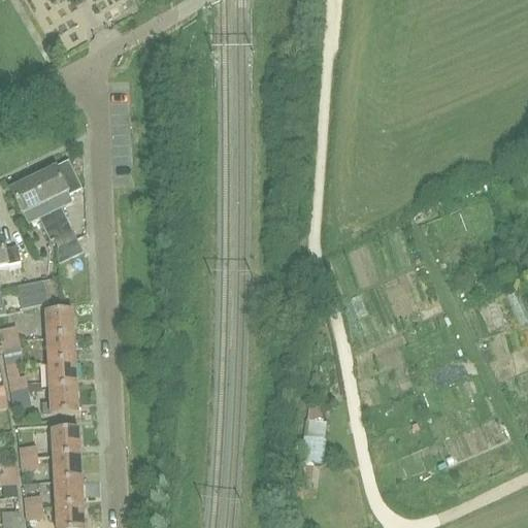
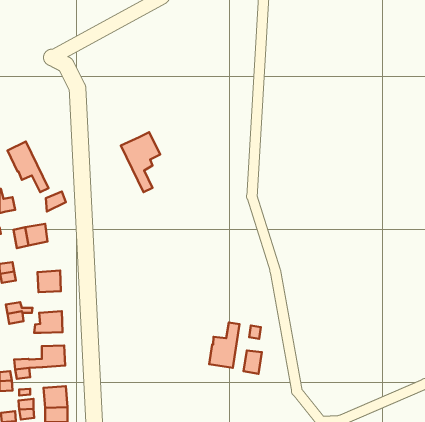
building: [32,159,80,233] -> [121,132,160,192]
building: [44,309,74,337] -> none
building: [47,361,76,388] -> none
building: none -> [209,322,240,368]
building: [53,453,81,481] -> none

